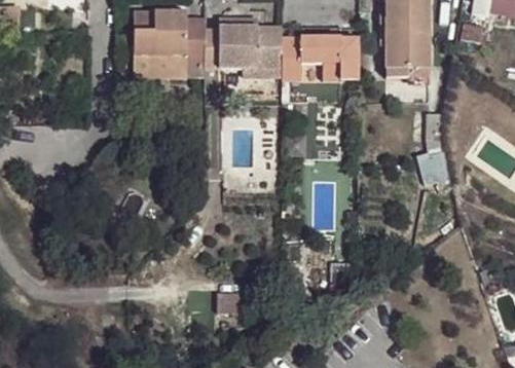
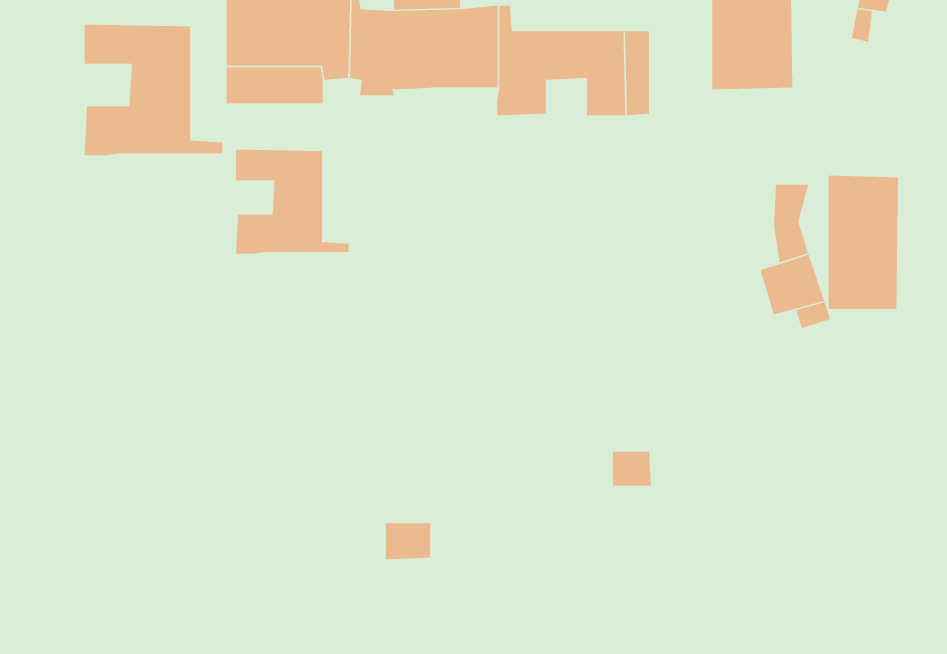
building: none -> [84,24,223,156]
building: none -> [235,149,350,254]
building: none -> [828,175,899,310]

